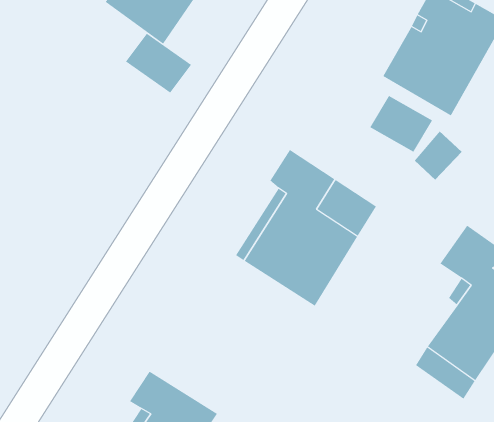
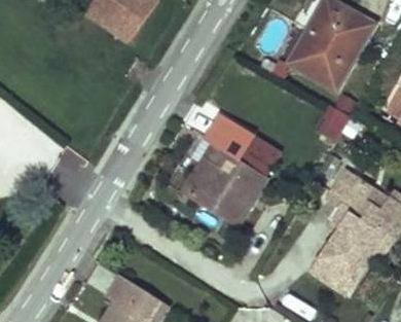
building: [125,33,192,94] -> none
building: [369,95,433,153] -> none

